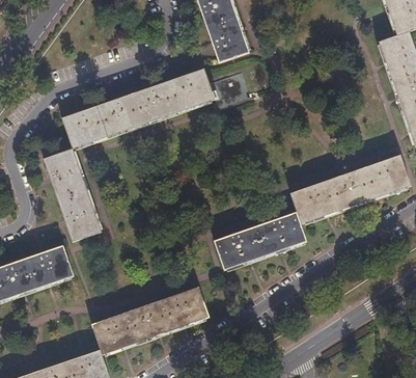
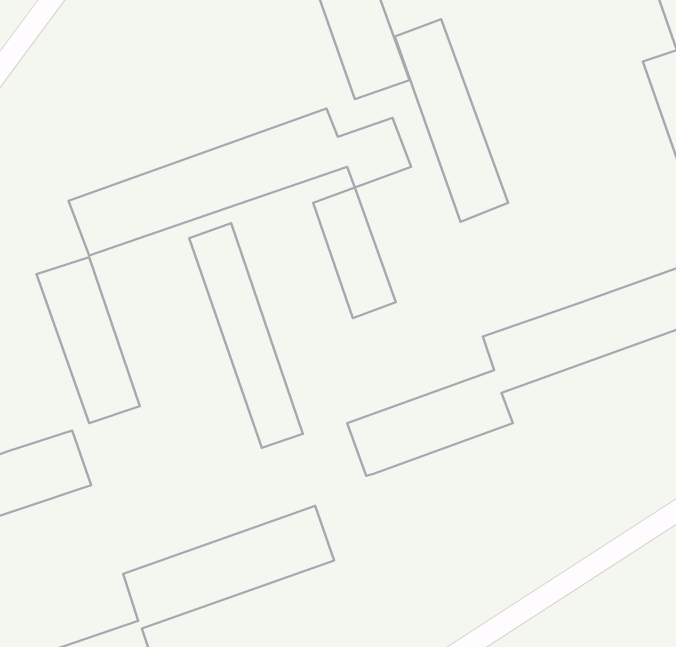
building: none -> [395,19,508,222]
building: none -> [313,188,396,318]
building: none -> [189,223,303,448]

